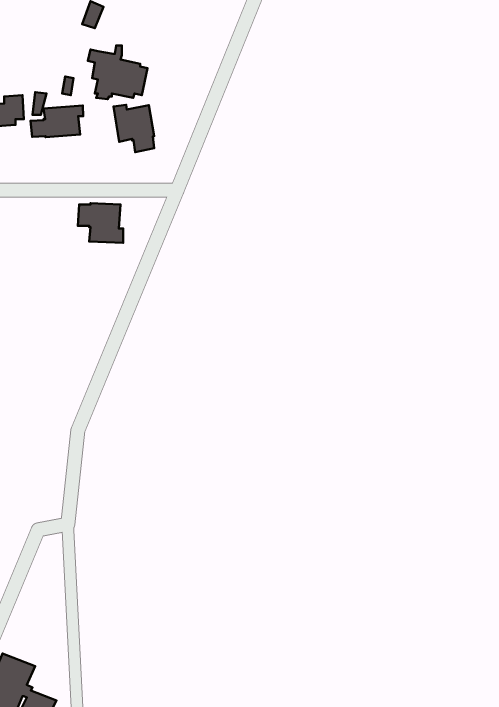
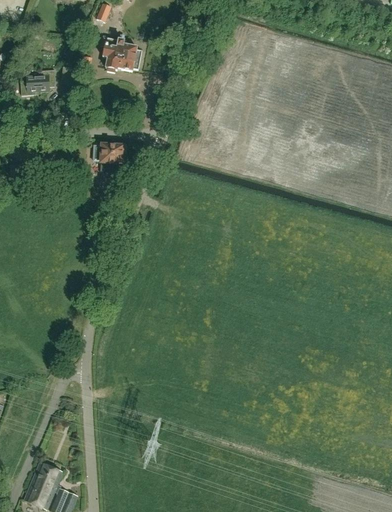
building: [113,105,154,152] -> none
building: [30,105,83,137] -> none

